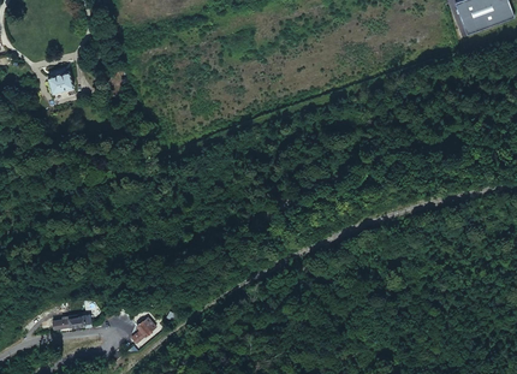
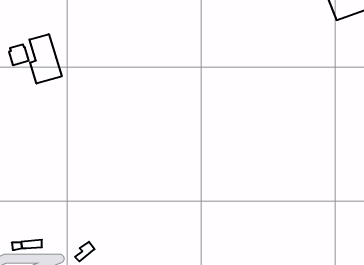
building: none -> [29,34,62,84]

